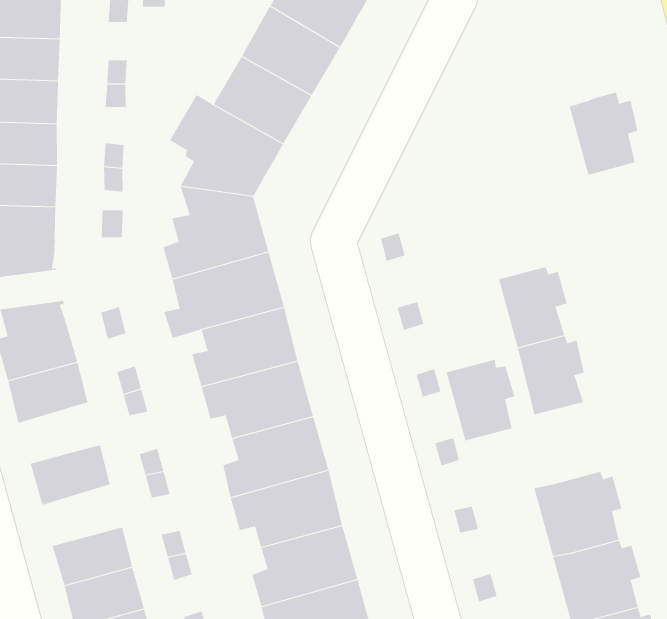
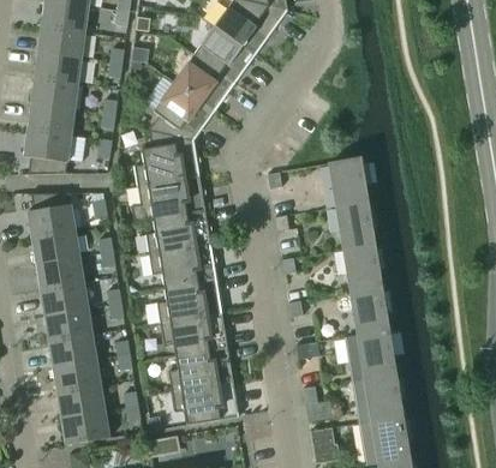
building: [569,92,638,175] -> [330,157,371,206]
building: [446,359,515,441] -> [351,287,392,335]
building: none -> [35,256,84,289]
building: none -> [44,307,92,341]

